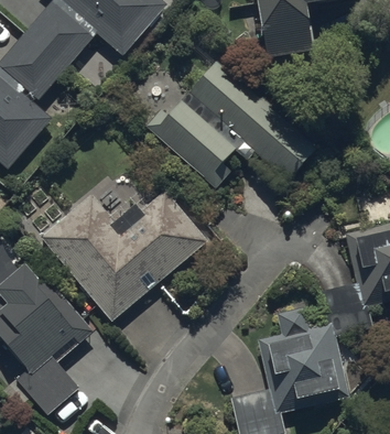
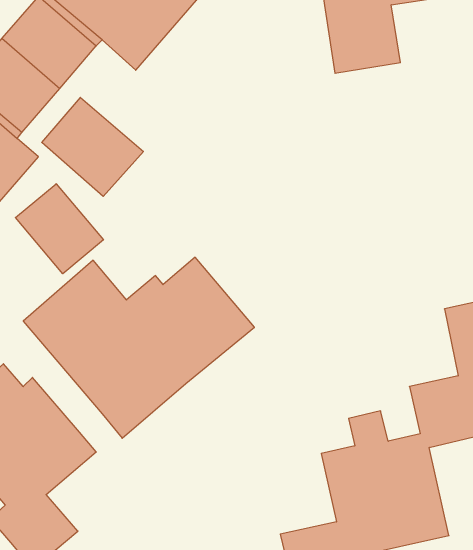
building: [143,54,316,184] -> none
building: none -> [42,97,143,196]
building: none -> [15,184,103,274]

